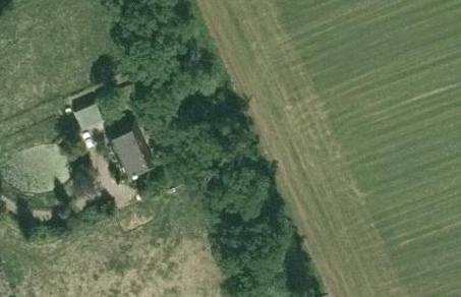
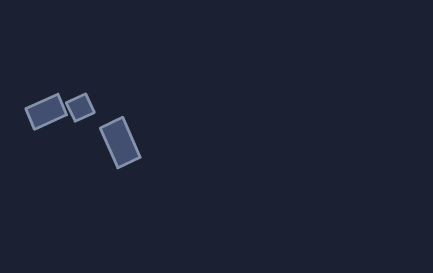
building: none -> [26,94,67,129]

